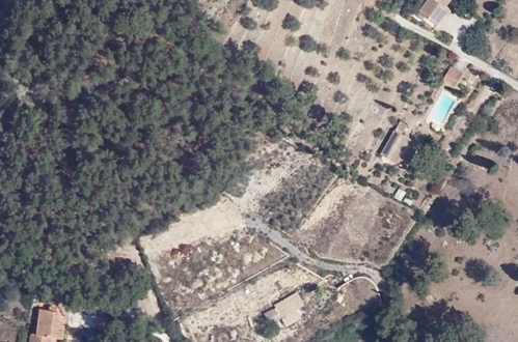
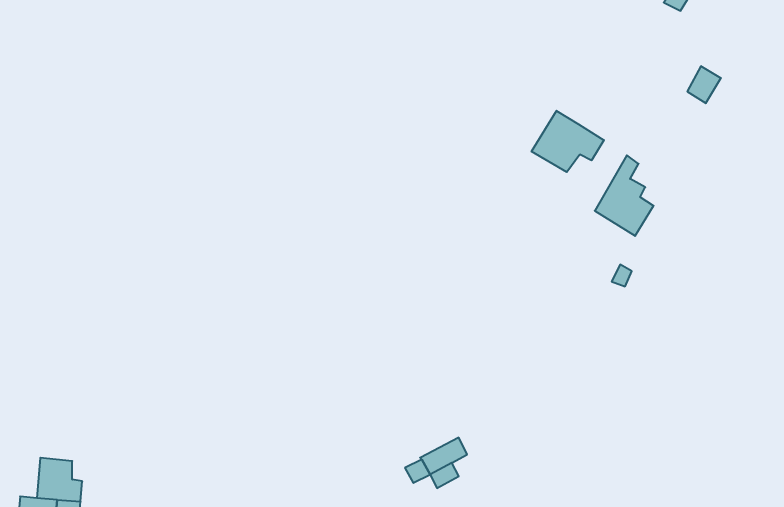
building: none -> [532,111,604,172]

